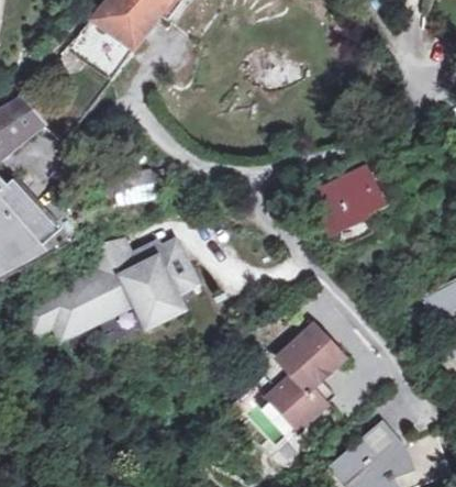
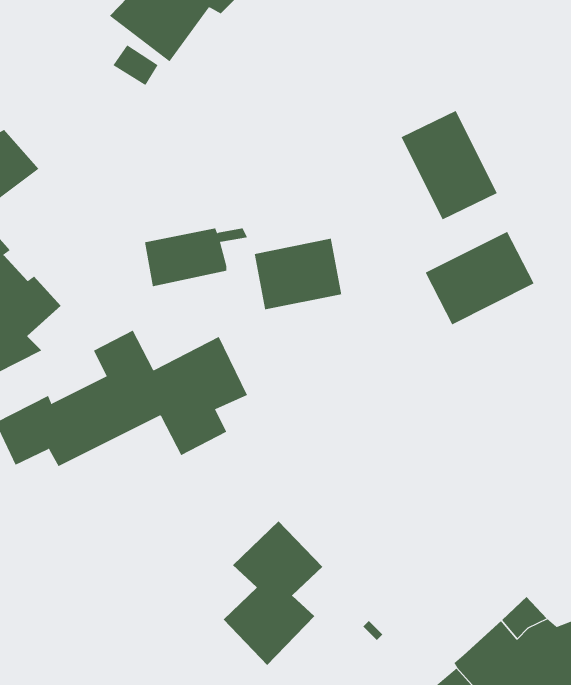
building: none -> [401,110,497,220]
building: none -> [254,238,342,310]
building: [269,328,338,428] -> [223,521,323,666]

